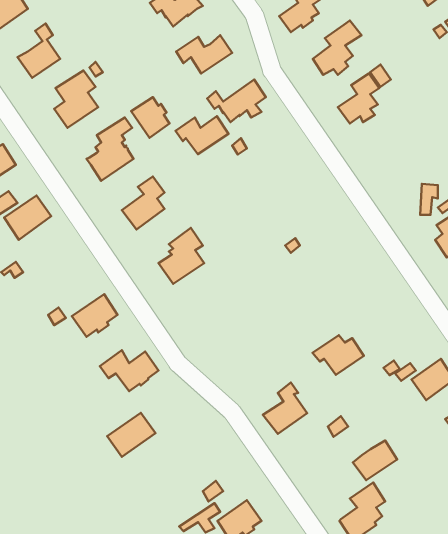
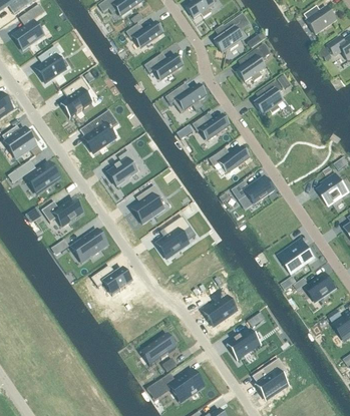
building: [131,97,170,138] -> none
building: [176,116,229,154] -> [193,114,229,140]
building: none -> [209,147,249,172]
building: none -> [231,177,273,204]
building: none -> [42,198,83,227]
building: none -> [156,217,191,259]
building: [312,335,364,375] -> [279,244,314,271]
building: [107,413,156,457] -> [142,334,176,364]
building: [353,440,397,480] -> [228,330,258,357]

